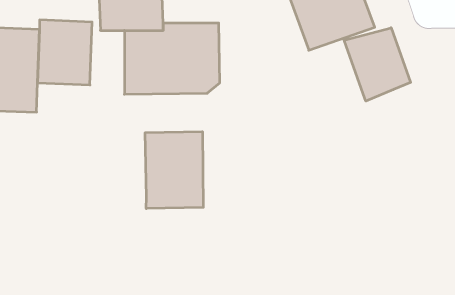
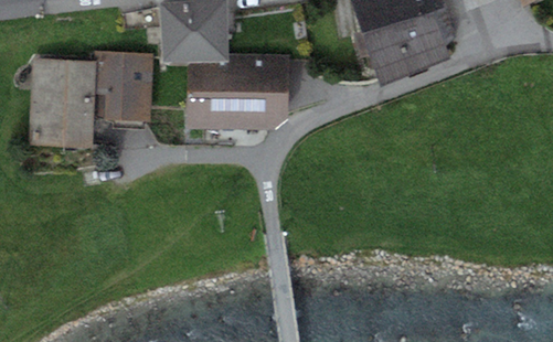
building: [344,28,411,101] -> none
building: [145,132,203,209] -> none

